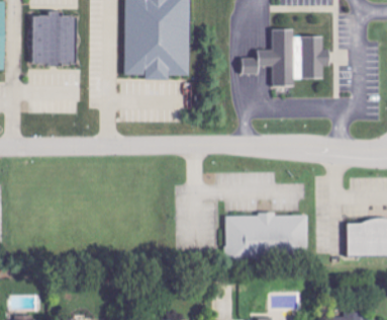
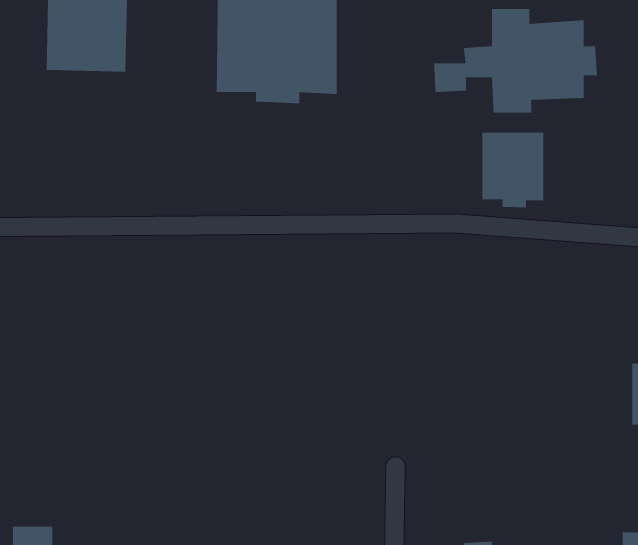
building: none -> [482,132,544,208]
building: [224,214,308,262] -> none

